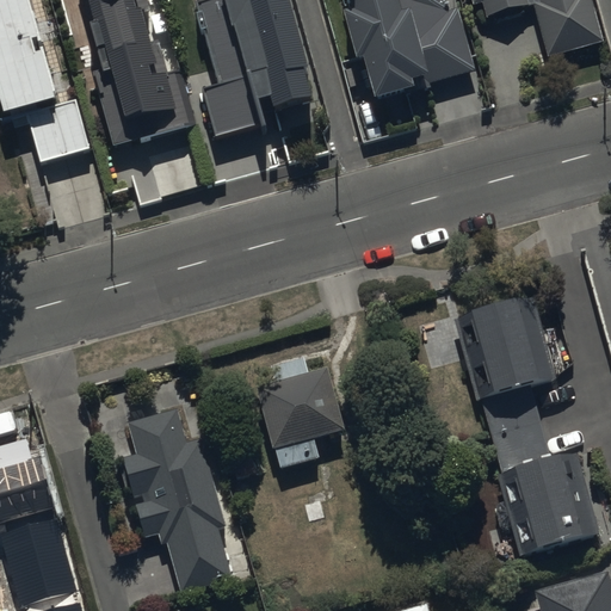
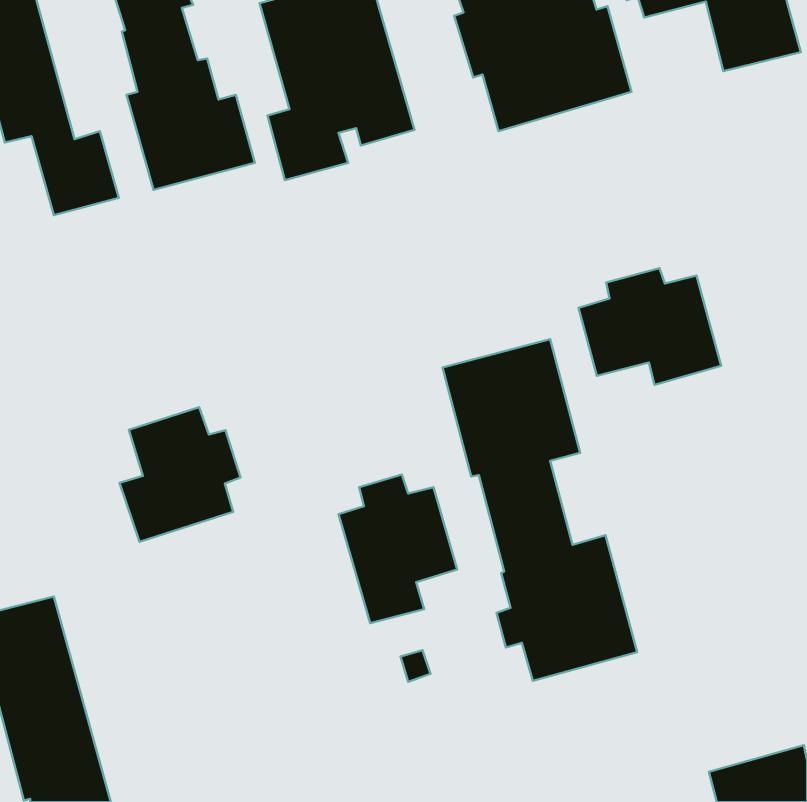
building: none -> [578,268,721,385]
building: [452,297,599,555] -> [443,339,637,681]
building: none -> [120,407,241,542]
building: [121,407,232,594] -> none

